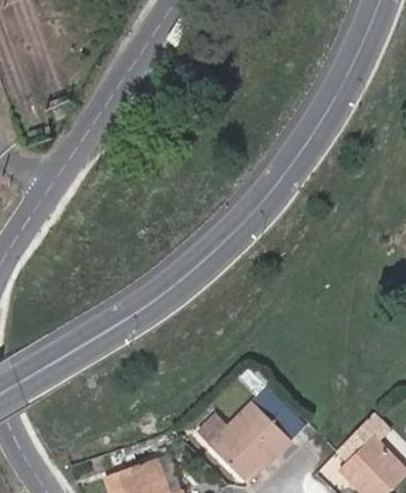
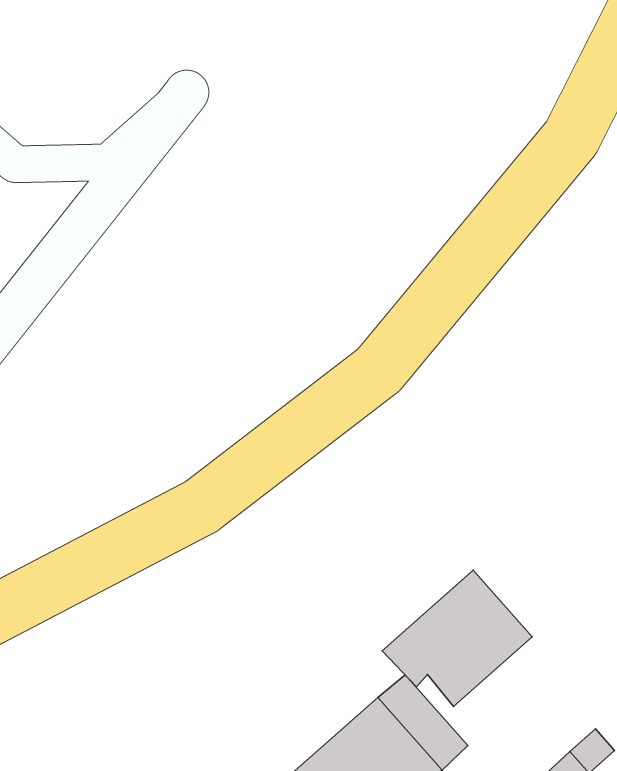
building: none -> [382,570,532,706]

